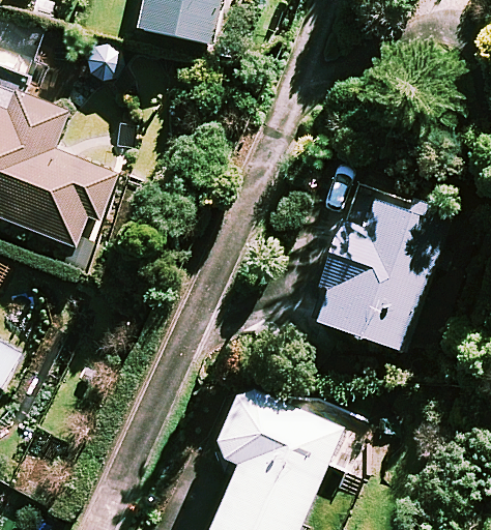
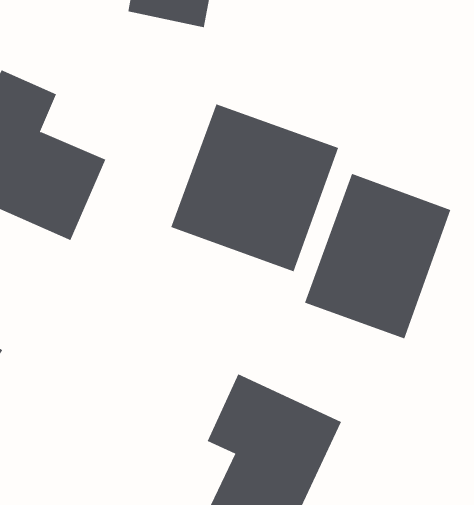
building: none -> [170,104,339,272]

